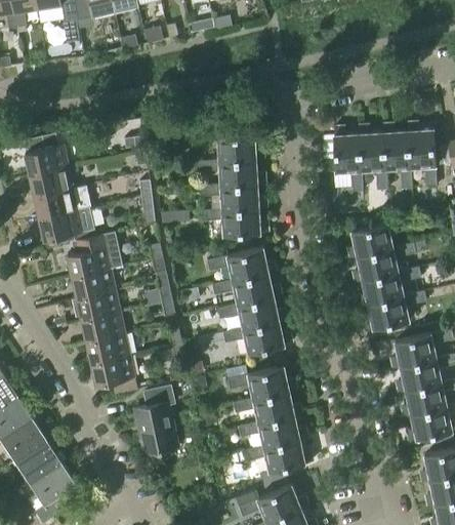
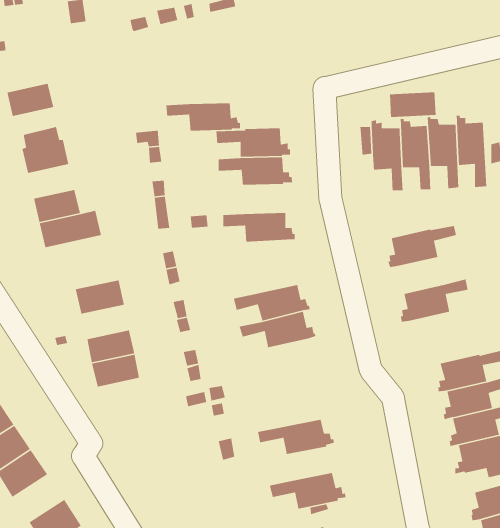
building: none -> [389,92,436,118]
building: [30,167,72,197] -> [6,83,54,117]
building: [199,185,265,210] -> [165,102,241,131]
building: [67,232,123,277] -> none
building: [354,244,414,282] -> none
building: [206,248,275,281] -> none
building: [72,291,120,321] -> none
building: [364,292,425,330] -> none
building: [222,321,290,355] -> none
building: [91,356,137,394] -> none
building: [228,367,296,399] -> none
building: [135,387,177,454] -> none
building: [238,416,306,446] -> none
building: [16,441,63,483] -> none

